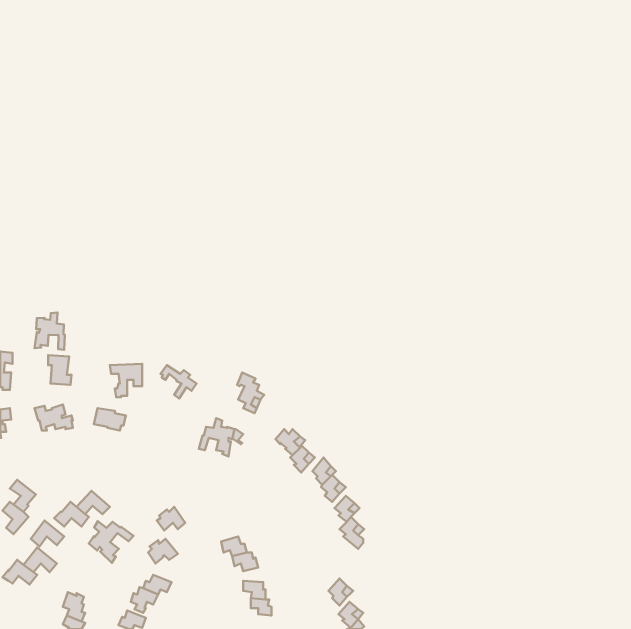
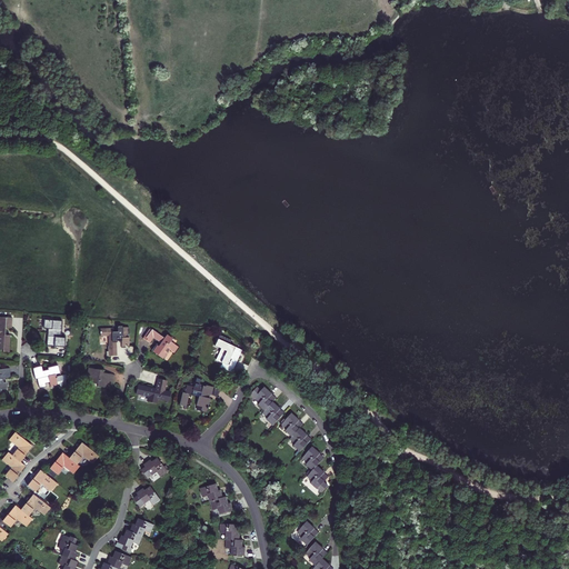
building: [35,313,65,350] -> none
building: none -> [137,379,170,403]
building: [89,521,133,563] -> none

